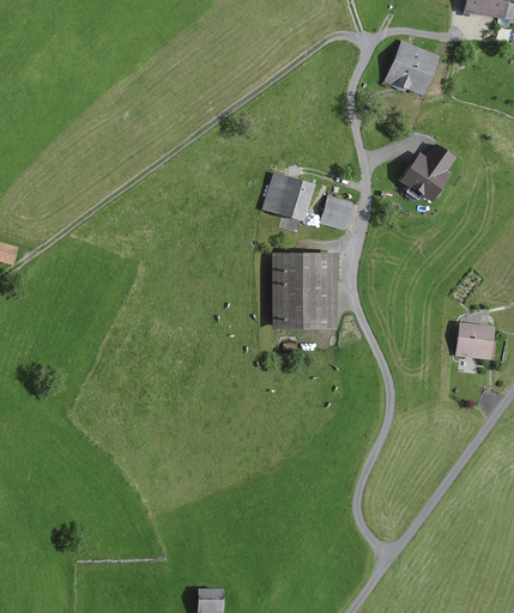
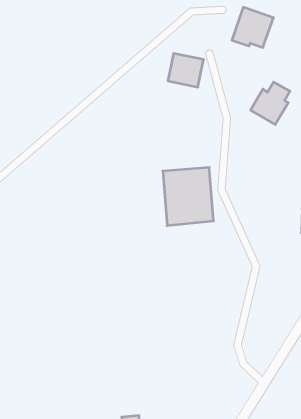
building: [262,172,314,221] -> [168,53,204,87]
building: [320,195,351,229] -> none

